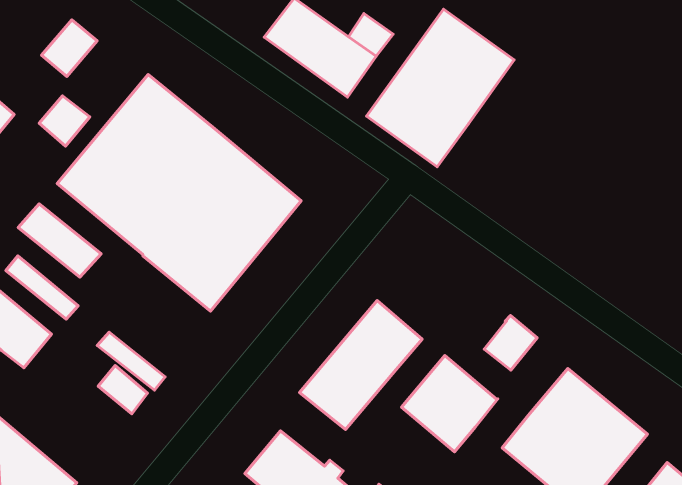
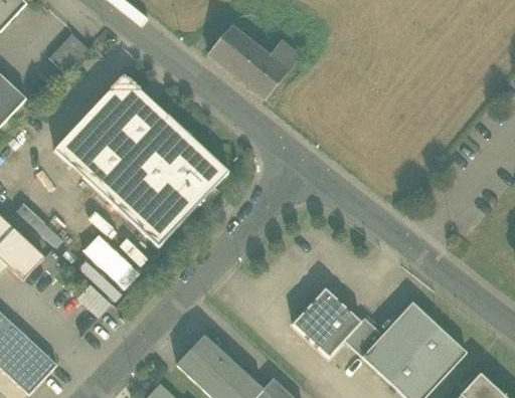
building: [367,9,514,167] -> none
building: [39,96,90,146] -> none
building: [18,204,101,277] -> [80,233,139,287]
building: [299,300,422,429] -> none
building: [484,315,537,370] -> [343,318,381,357]

